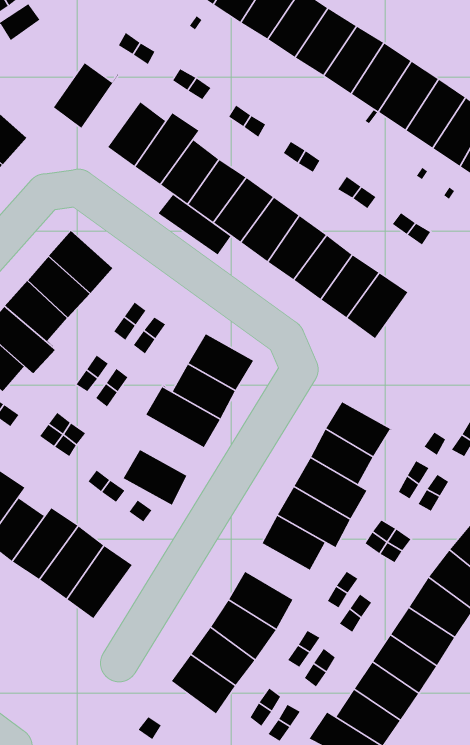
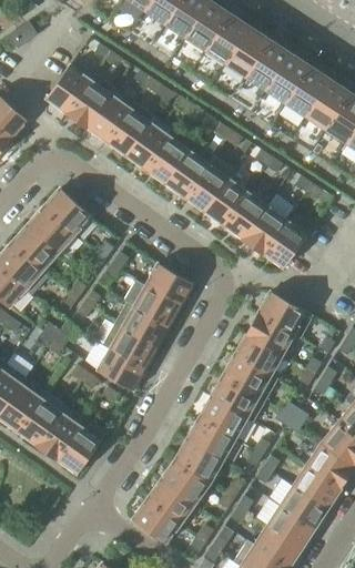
building: none -> [67,74,114,128]
building: [158,194,232,255] -> none
building: none -> [257,292,312,337]
building: none -> [102,324,156,368]
building: none -> [186,418,234,459]

